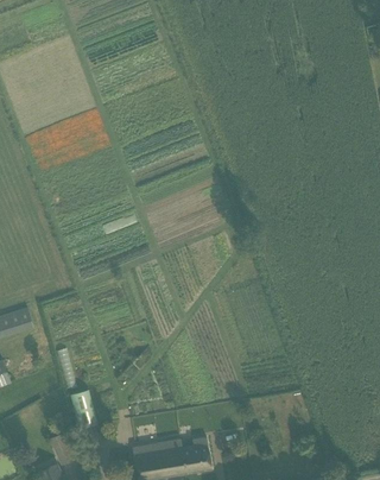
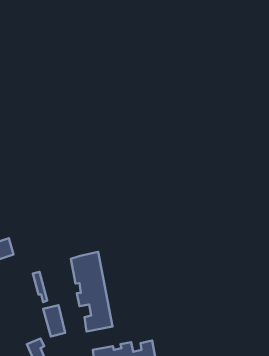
building: none -> [71,252,113,332]

